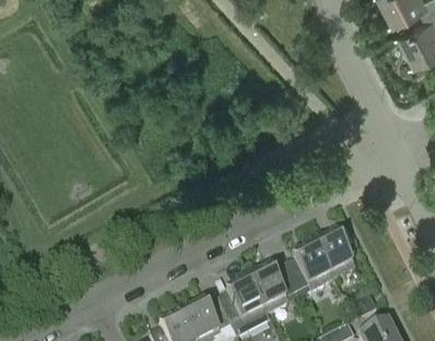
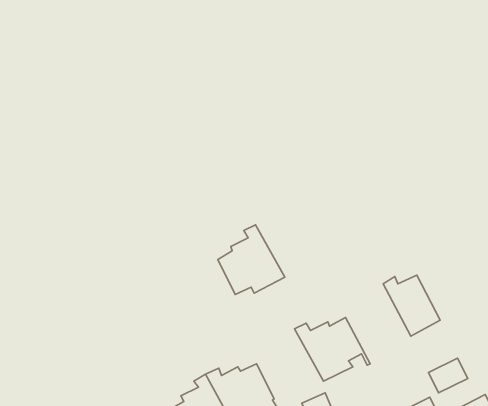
building: [285,239,334,299] -> none
building: [219,273,269,326] -> [218,225,285,294]

